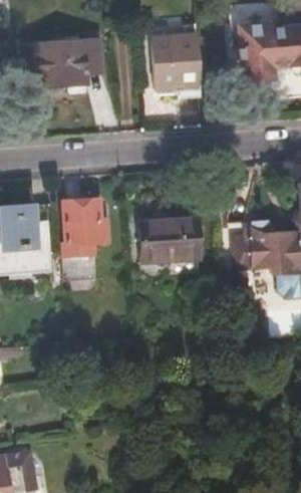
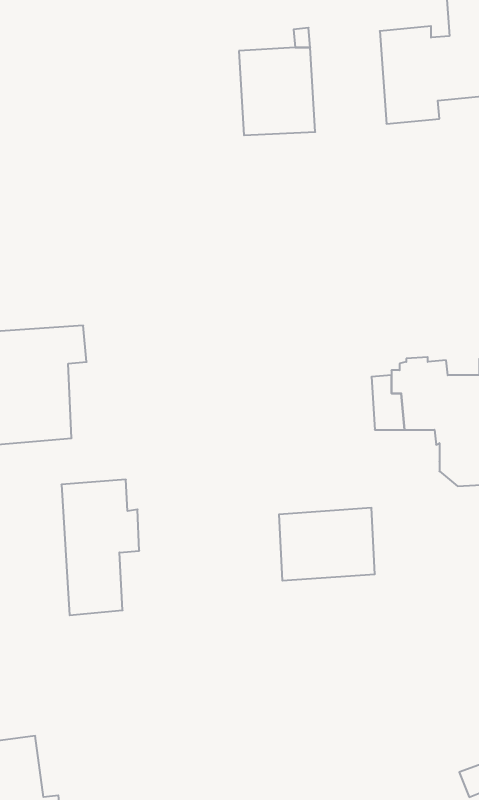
building: [27,40,100,91] -> none
building: [61,199,108,281] -> [61,480,139,615]
building: [139,217,198,261] -> [279,508,375,581]

